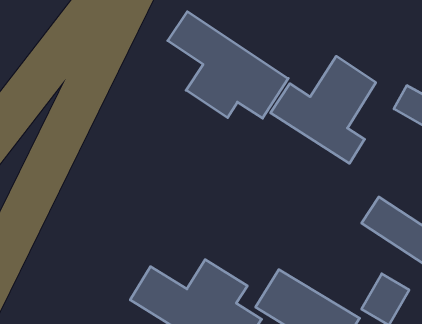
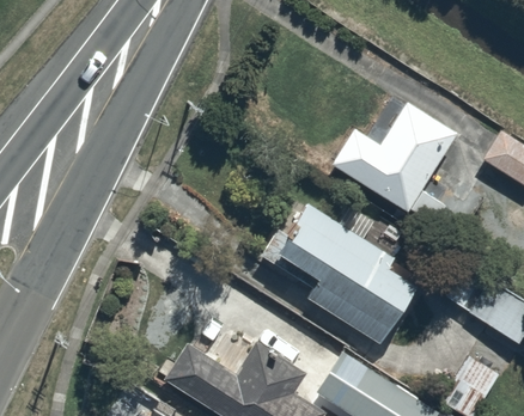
building: [168,12,288,118] -> none
building: none -> [275,198,424,345]

